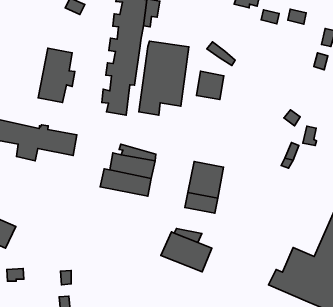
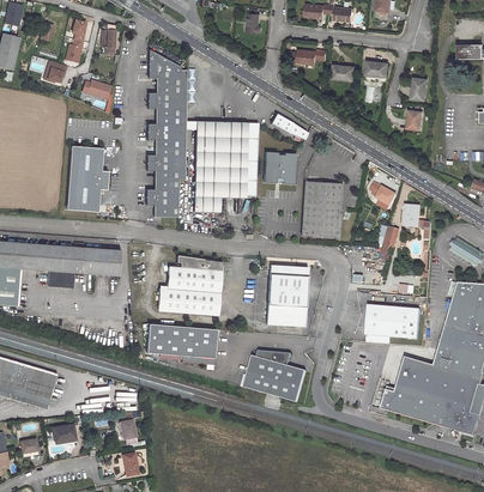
building: none -> [302,181,343,237]
building: none -> [146,323,217,364]
building: none -> [365,303,421,342]

